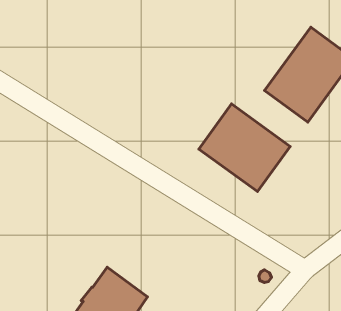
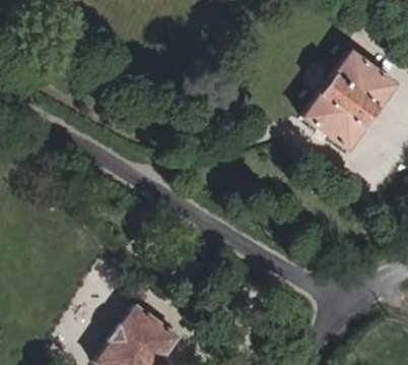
building: [199,104,290,192] -> none

